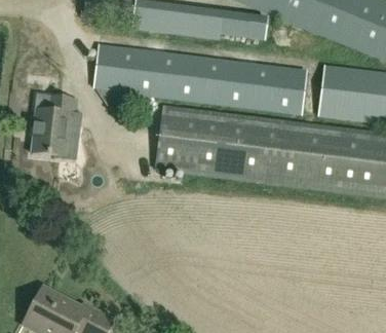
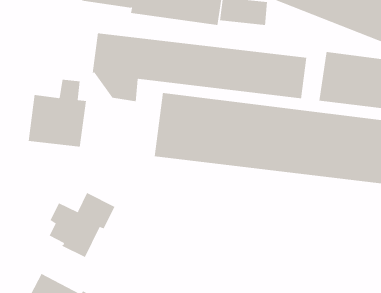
building: none -> [43,192,115,258]

